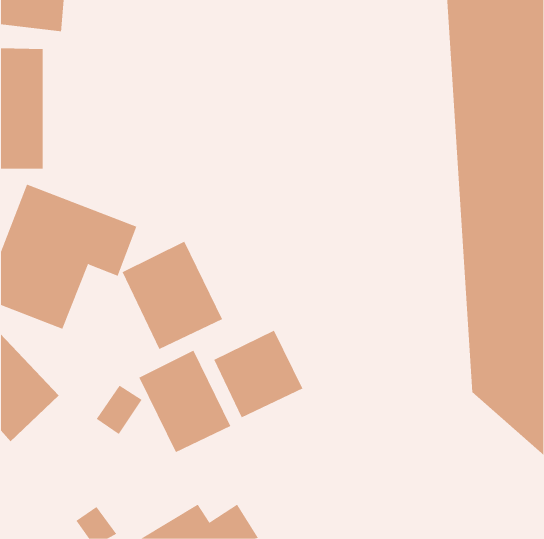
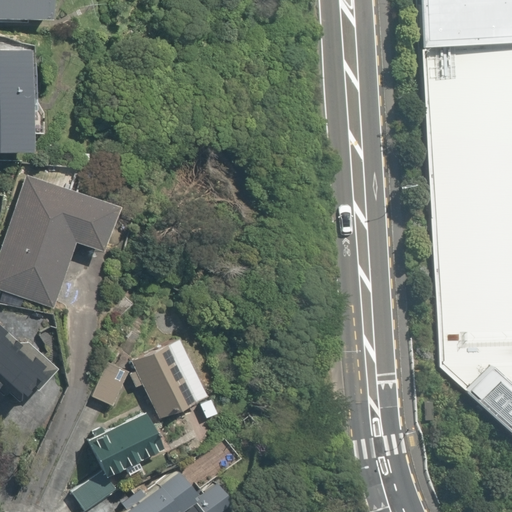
building: [122,241,223,350] -> none
building: [214,330,303,418] -> none
building: none -> [83,406,164,476]

